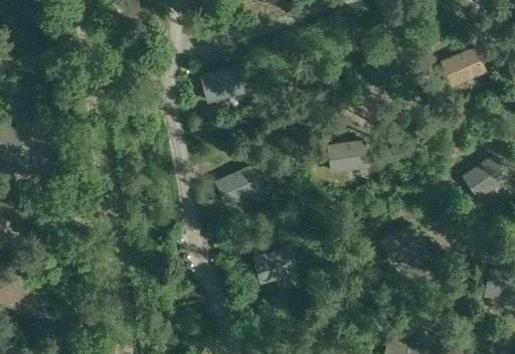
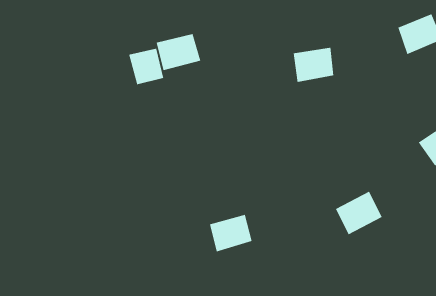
building: none -> [129,48,164,85]
building: [327,140,368,175] -> [293,47,334,82]
building: [214,166,262,208] -> none

